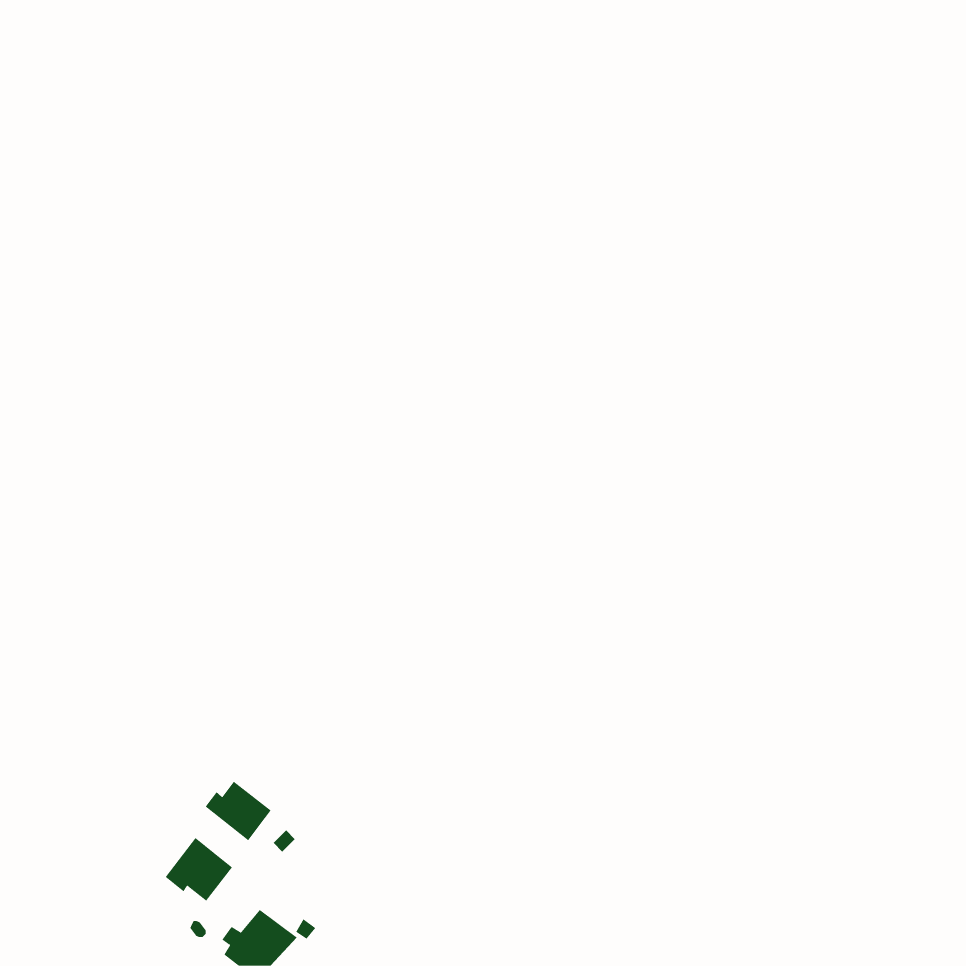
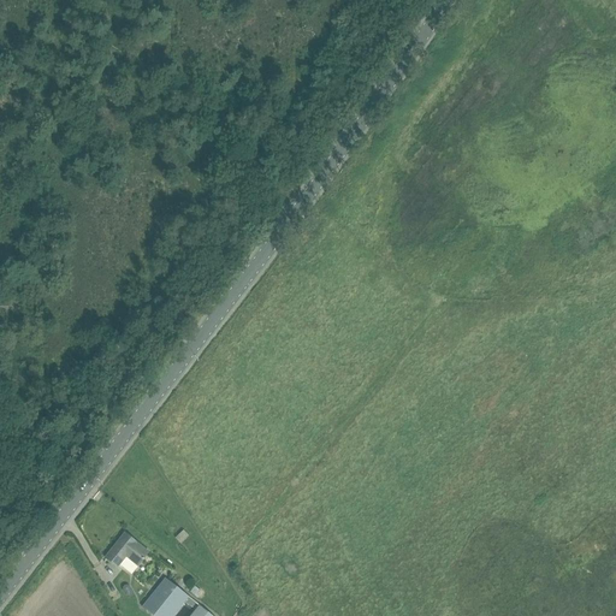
building: [205,781,271,841] -> none

